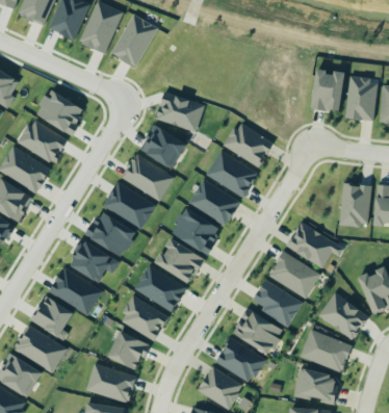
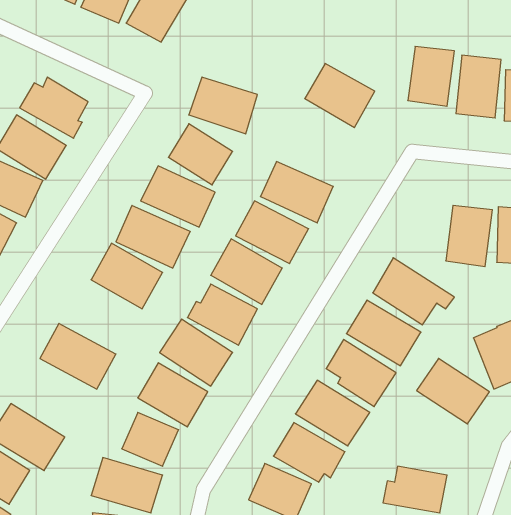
building: [224,122,274,167] -> [305,63,375,128]
building: [69,241,120,282] -> none
building: [31,296,75,337] -> none
building: [300,329,352,372] -> none

